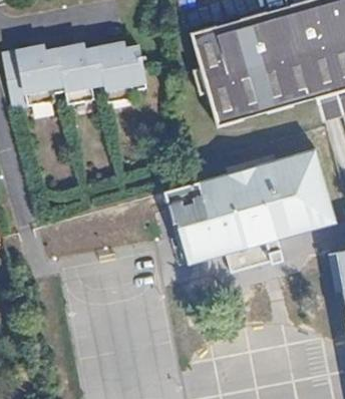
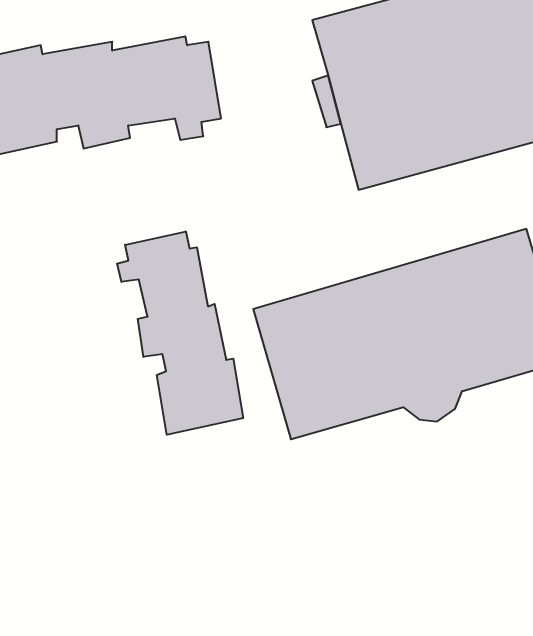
building: none -> [117,231,243,435]

